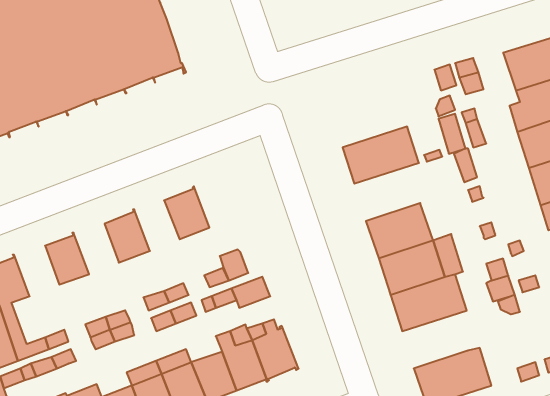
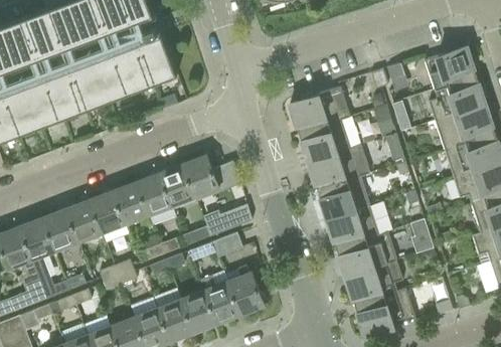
building: none -> [289,86,349,133]
building: none -> [308,145,368,190]
building: none -> [183,154,241,201]
building: none -> [137,174,176,224]
building: none -> [90,192,125,231]
building: none -> [219,204,253,230]
building: none -> [43,209,78,248]
building: none -> [345,259,402,305]

